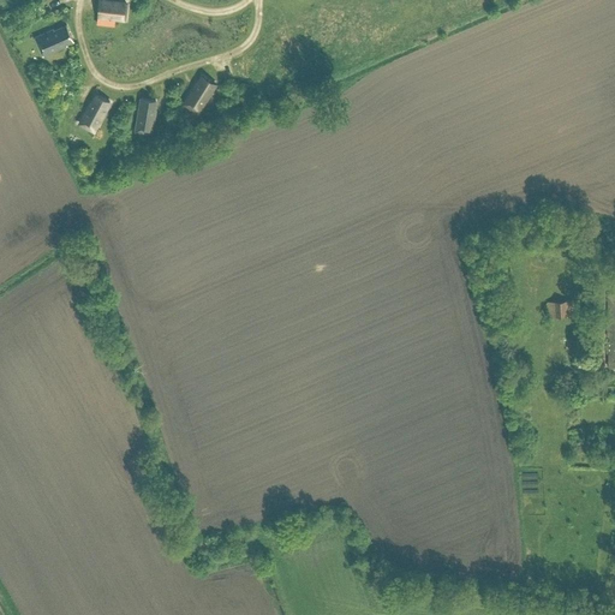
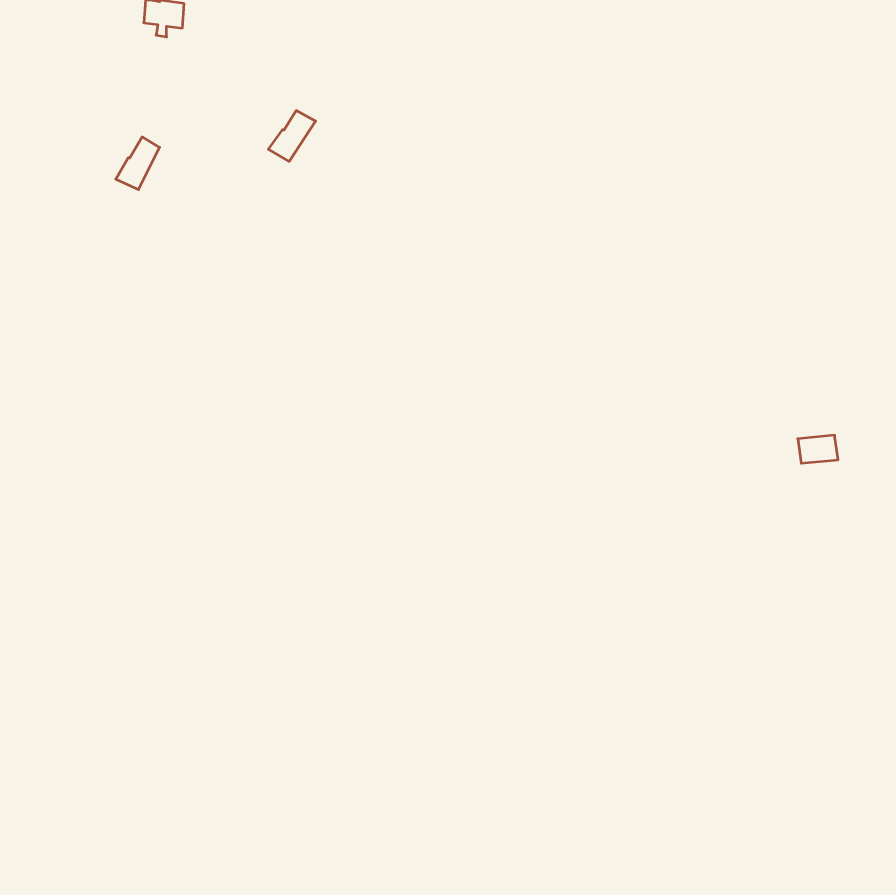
building: [36,25,73,55] -> none
building: [136,98,156,133] -> none

